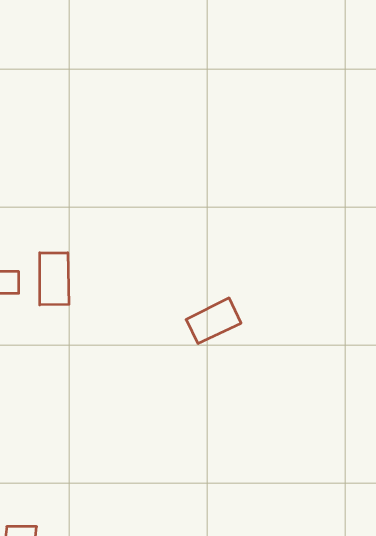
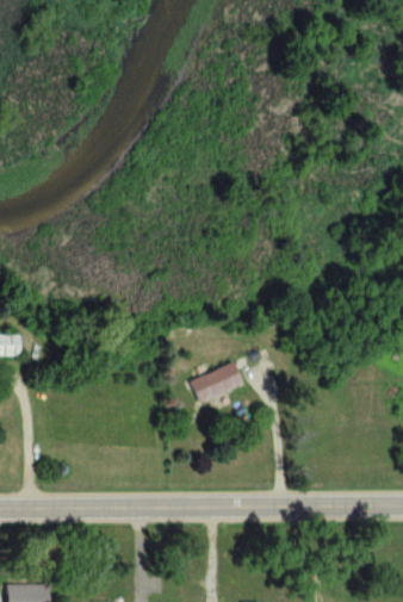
building: [40,253,69,305] -> none

